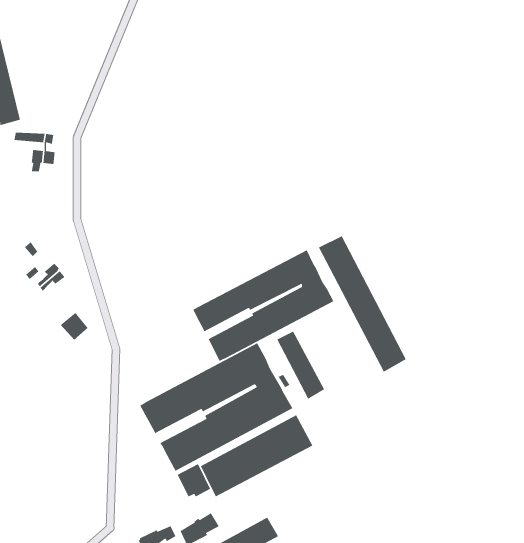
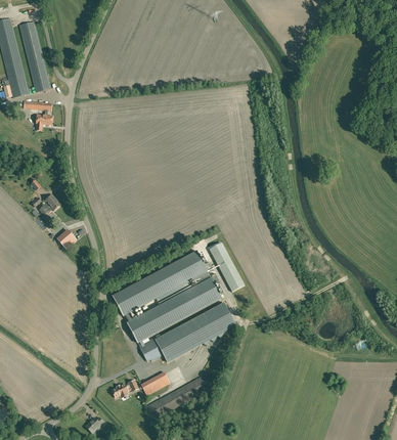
building: none -> [18,21,50,92]
building: [318,235,407,373] -> none
building: [192,249,334,362] -> none

